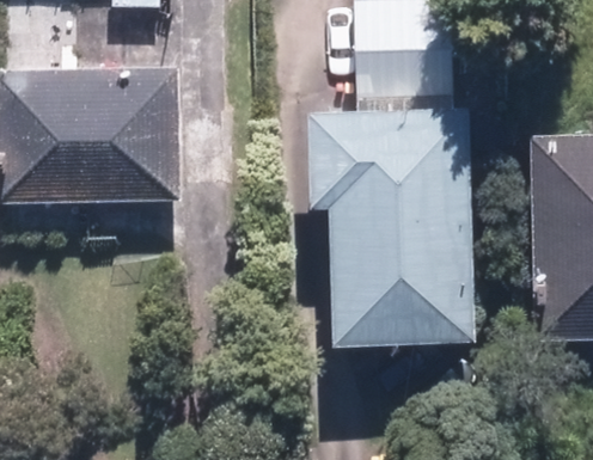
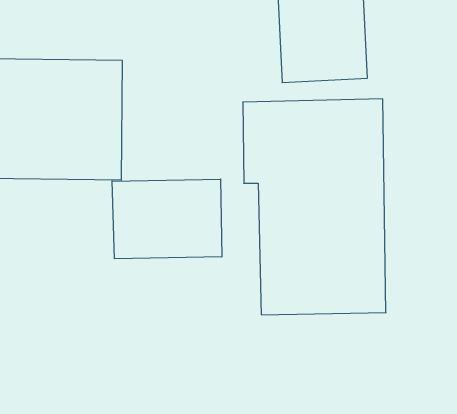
building: none -> [112,179,222,259]

